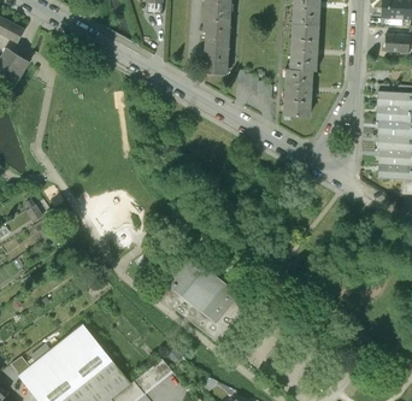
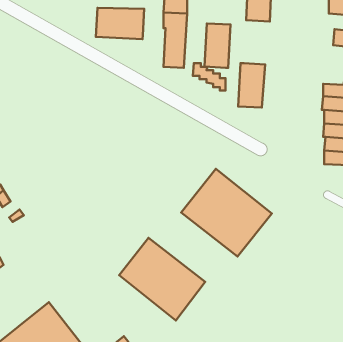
building: none -> [96,8,144,39]
building: [290,23,318,70] -> [204,24,231,68]
building: none -> [181,169,272,257]

